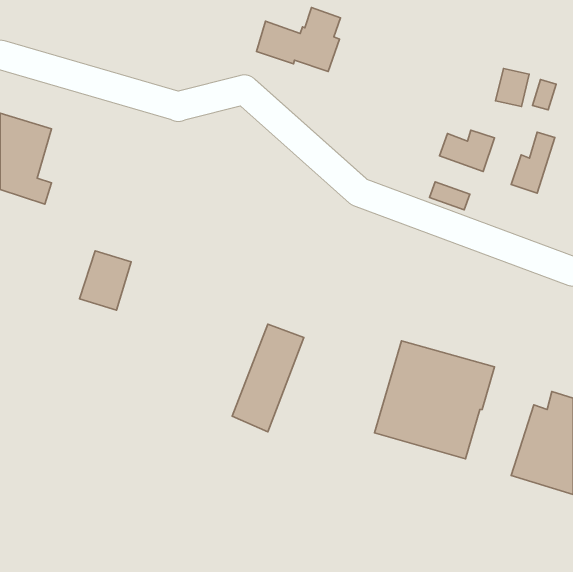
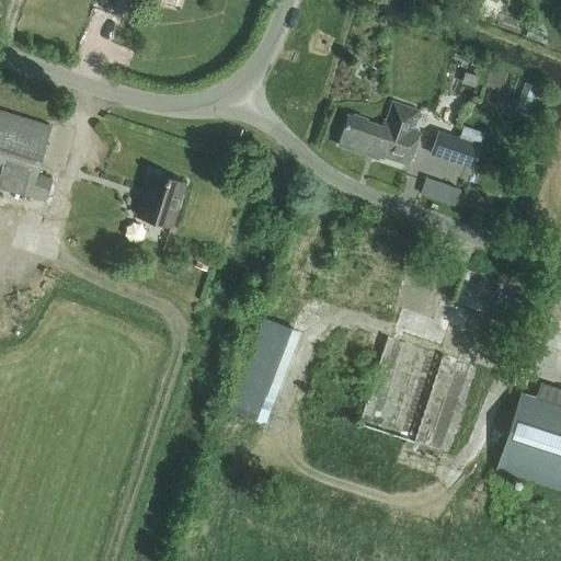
building: [256,8,341,72] -> [337,102,420,164]
building: [511,132,555,193] -> none
building: [80,251,131,310] -> [135,171,185,229]

